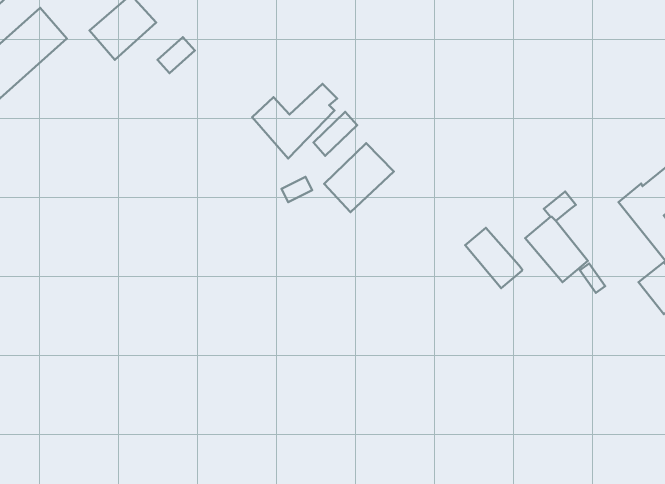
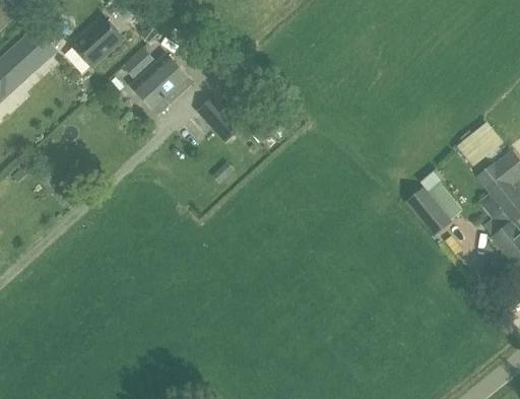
building: none -> [130,54,191,115]
building: [324,143,394,212] -> none
building: [465,228,522,288] -> none

